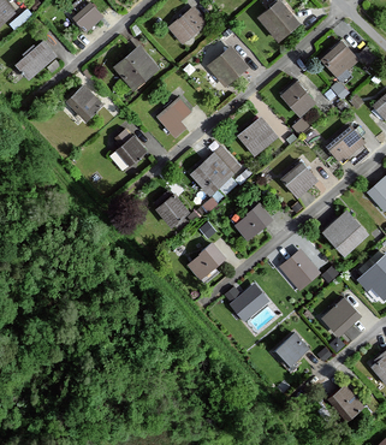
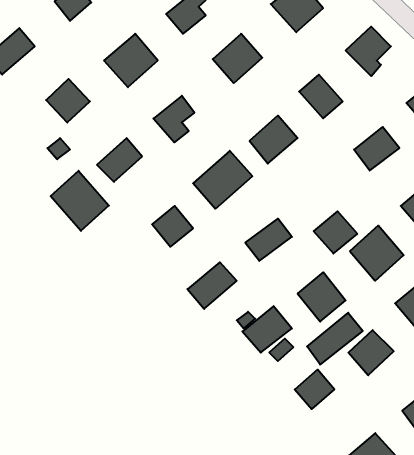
building: [281,161,319,197] -> [314,211,357,254]
building: none -> [51,171,109,231]
building: none -> [307,313,363,365]

